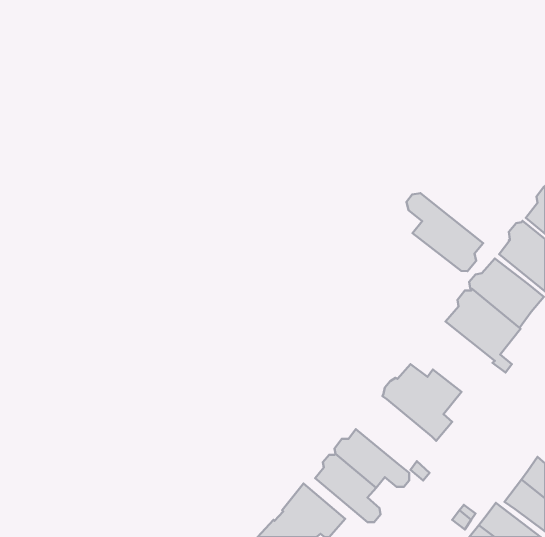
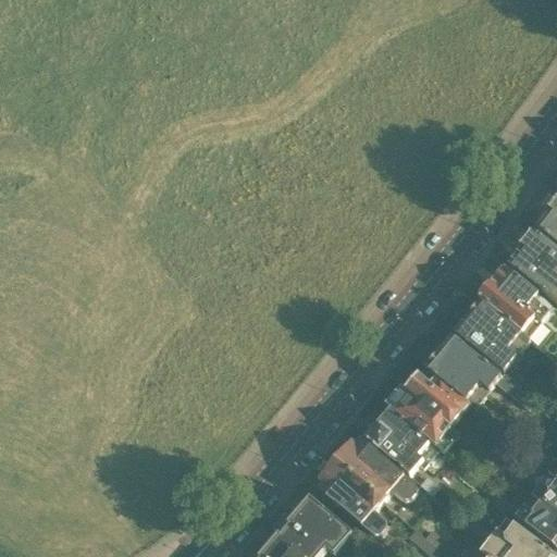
building: [406,193,483,271] -> none
building: none -> [423,331,535,405]
building: none -> [368,407,440,471]

